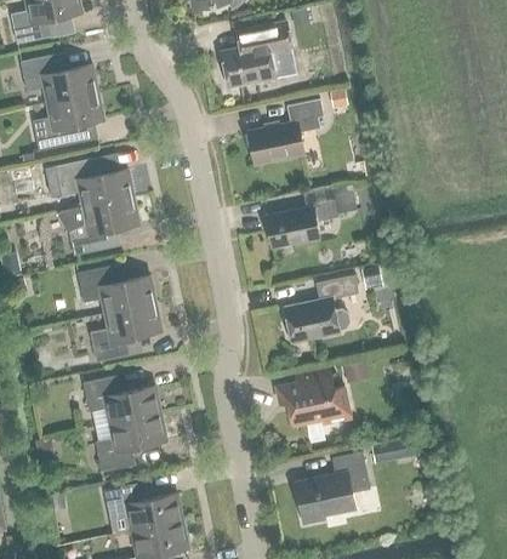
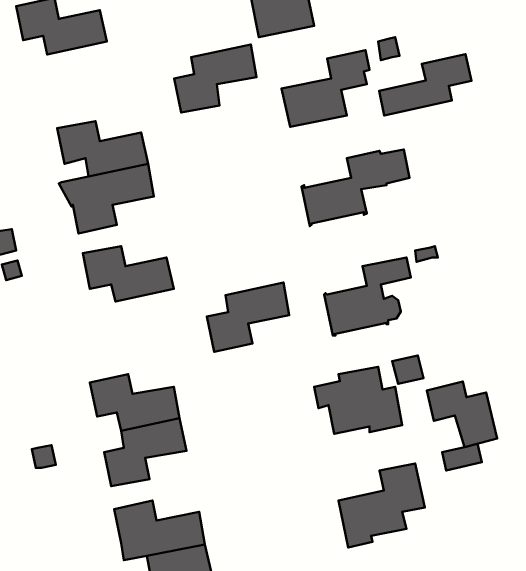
building: [33,92,103,150] -> [174,44,257,113]
building: none -> [379,54,472,116]
building: [90,303,160,363] -> [207,282,289,352]
building: none -> [427,382,497,447]

